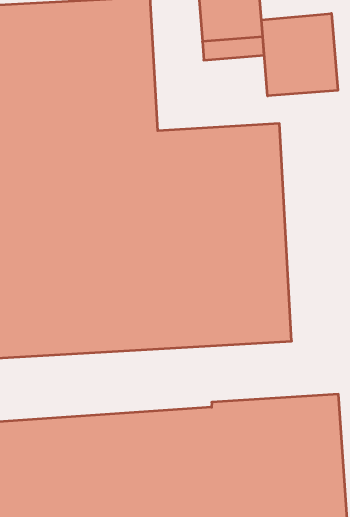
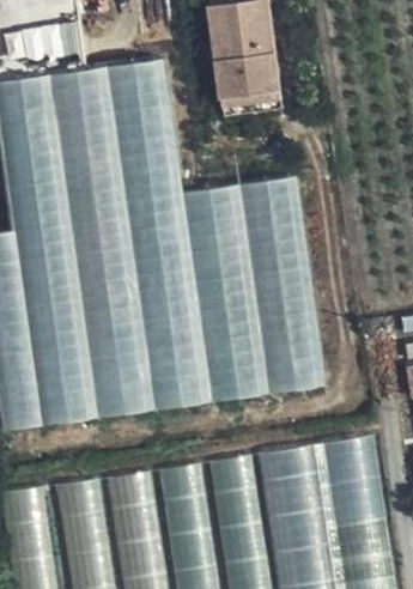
building: [261,13,338,96] -> none

